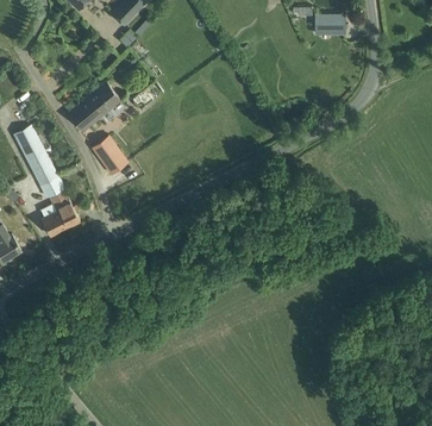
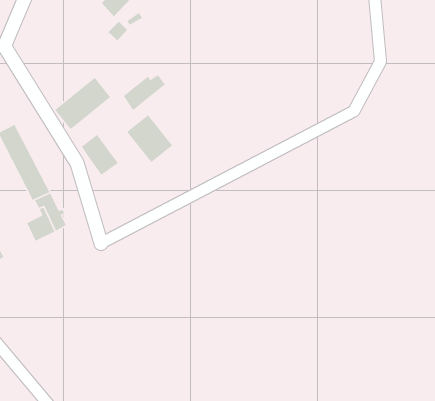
building: [314,14,344,33] -> none
building: none -> [126,114,173,163]

